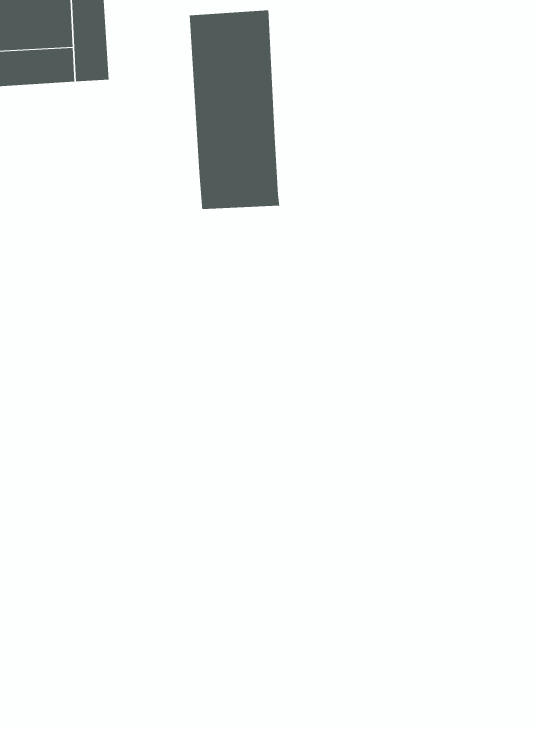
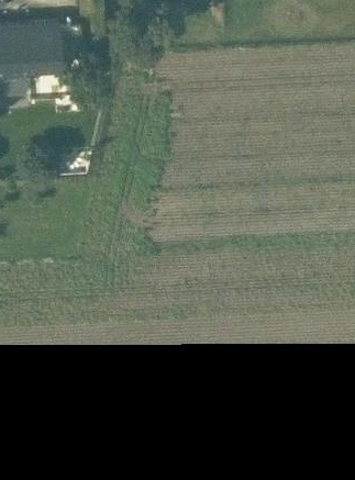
building: [189,9,280,210] -> none

